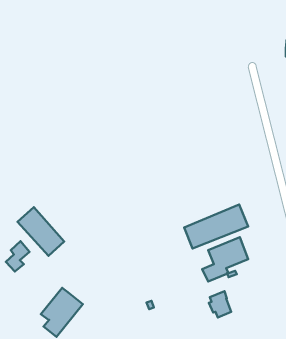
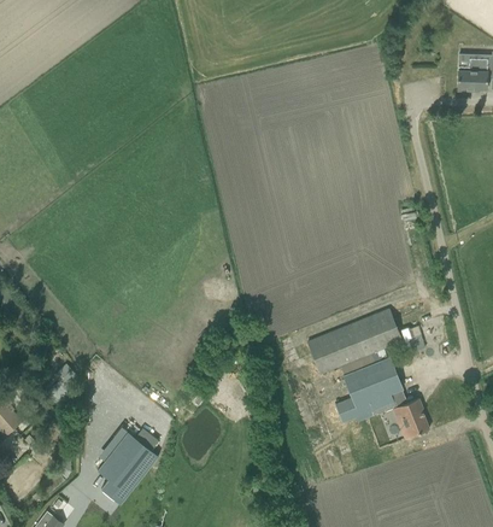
building: [18,207,64,256] -> none
building: [209,291,231,317] -> [395,398,428,437]

